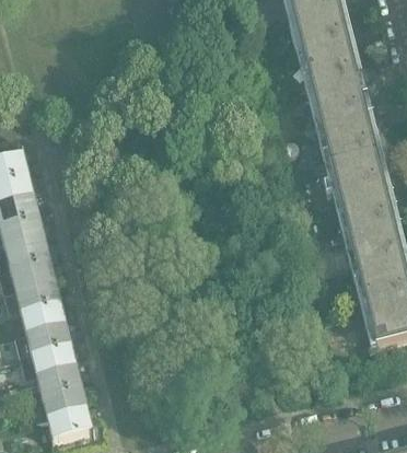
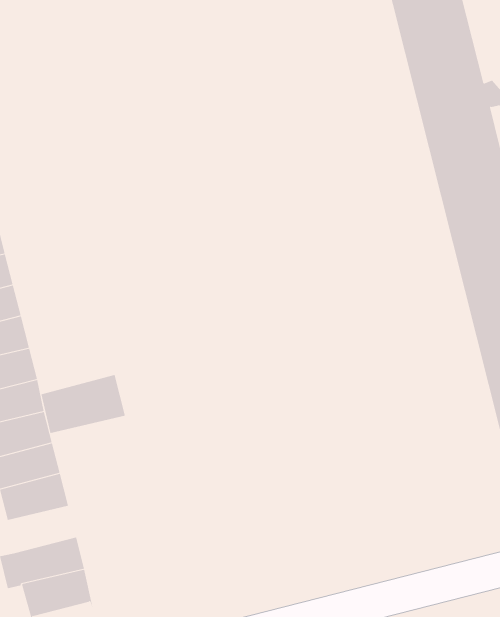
building: none -> [41,374,125,434]
building: [36,367,83,398] -> none

